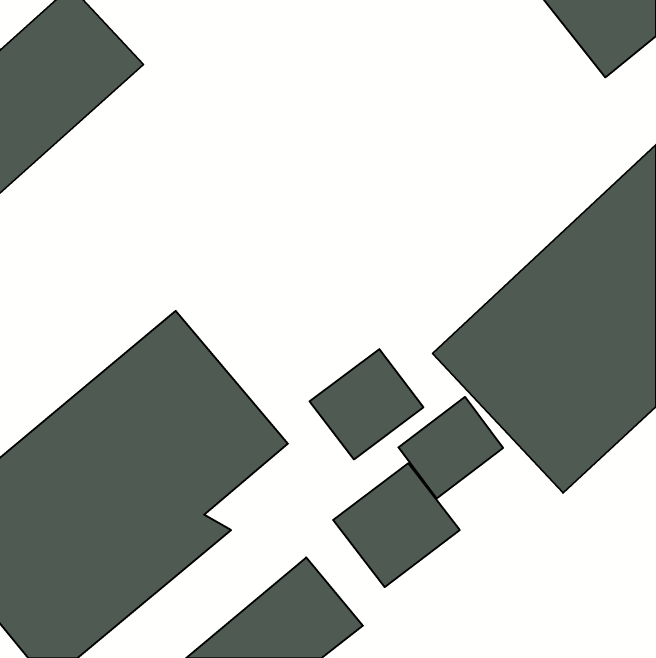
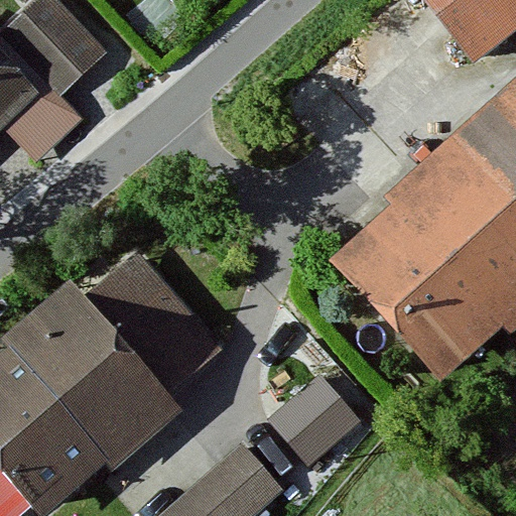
building: [310,349,423,459] -> none
building: [398,397,503,498] -> none

